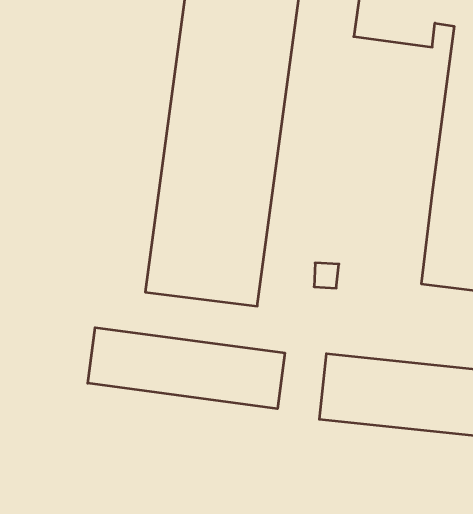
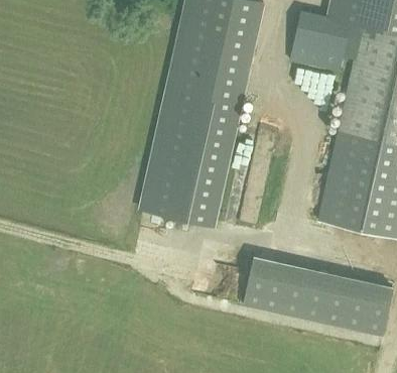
building: [88,328,285,409] -> none

